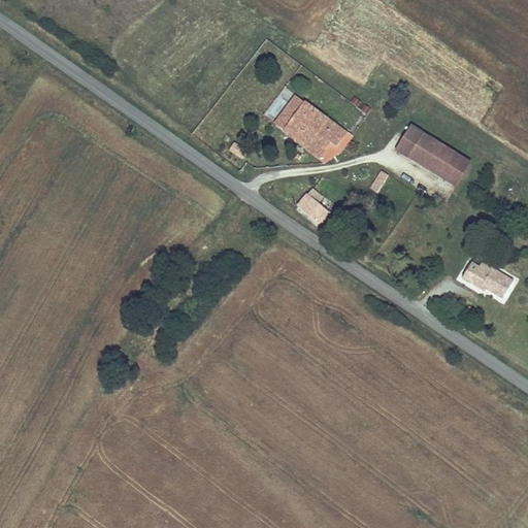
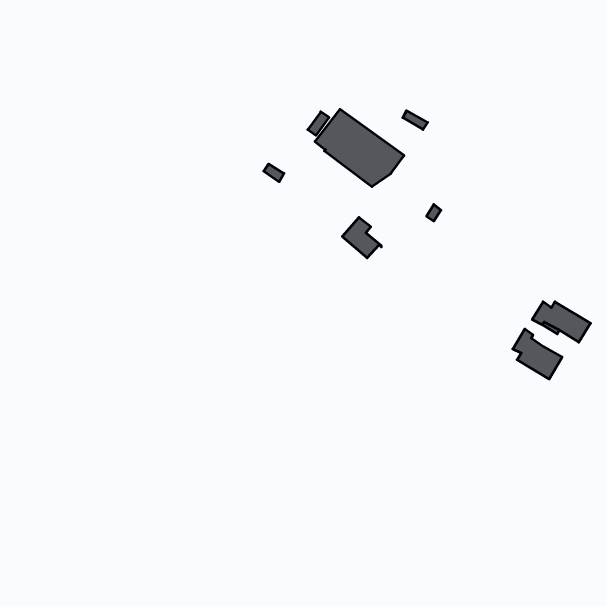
building: [395,123,472,187] -> none
building: none -> [513,329,562,379]

